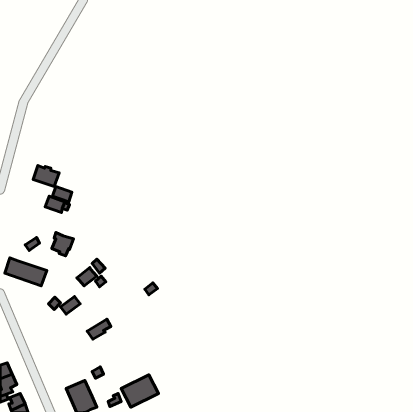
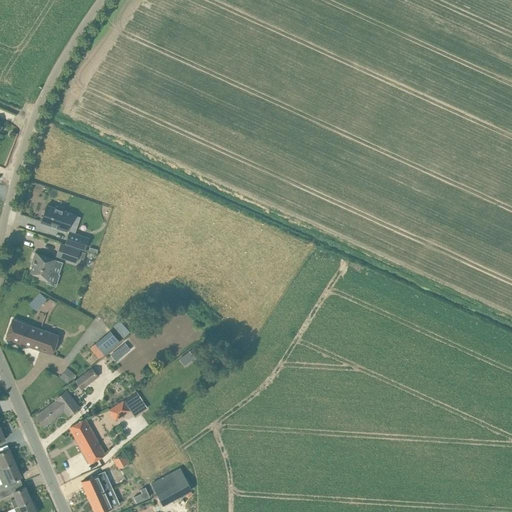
building: [52,232,74,256] -> [30,253,57,282]
building: none -> [36,392,79,427]
building: none -> [70,420,105,464]

